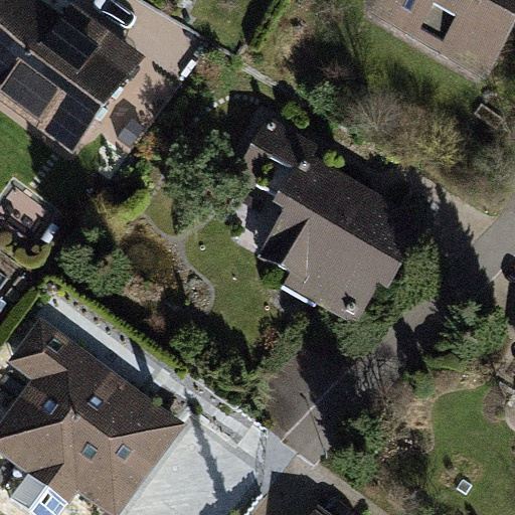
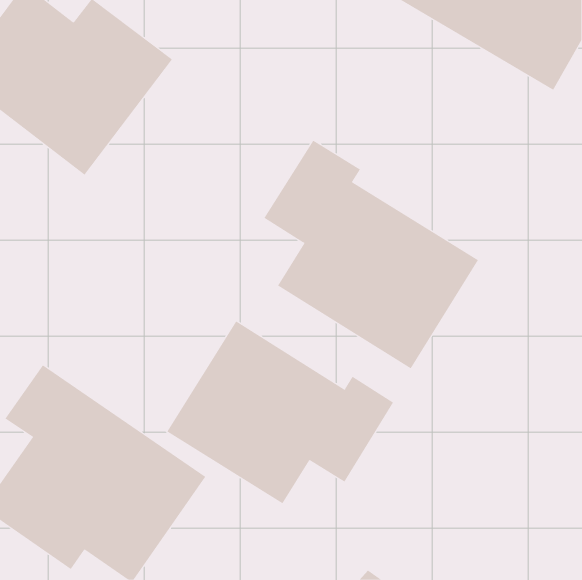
building: none -> [166,321,394,504]

